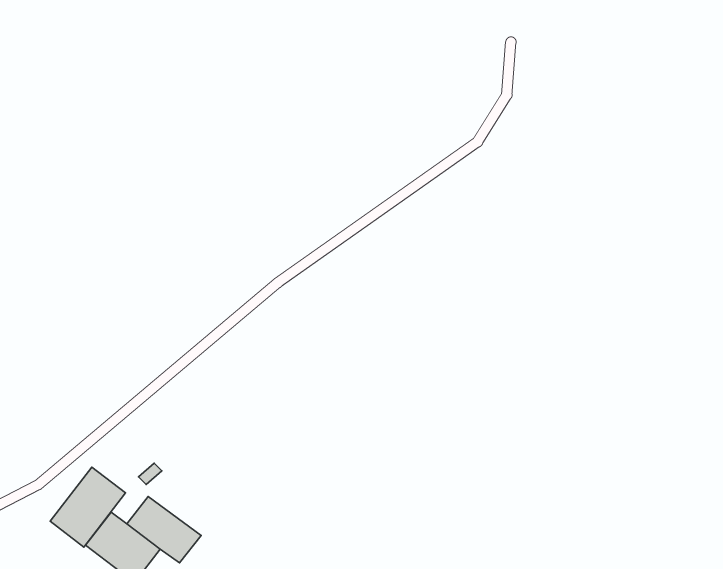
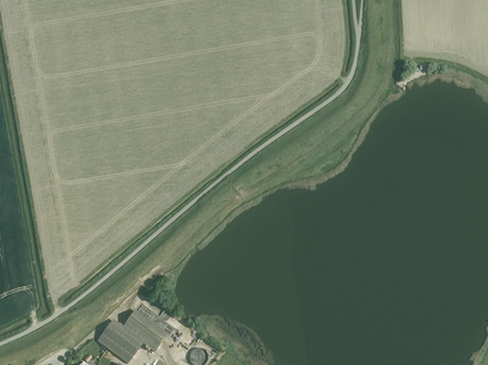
building: [50,467,126,547] -> none

